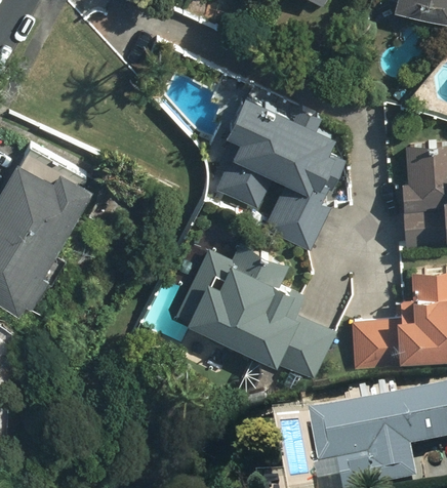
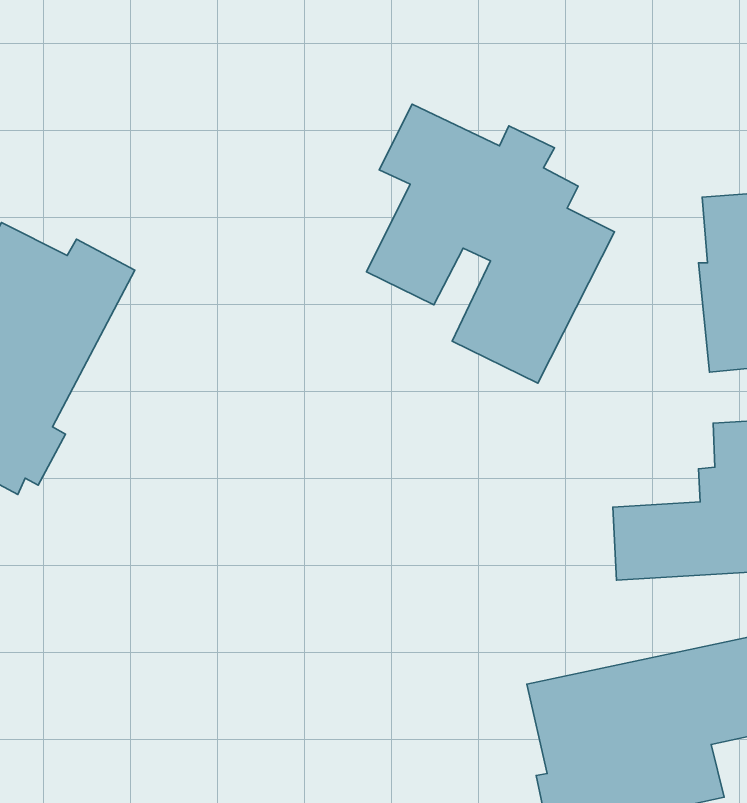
building: [176,243,336,379] -> none

